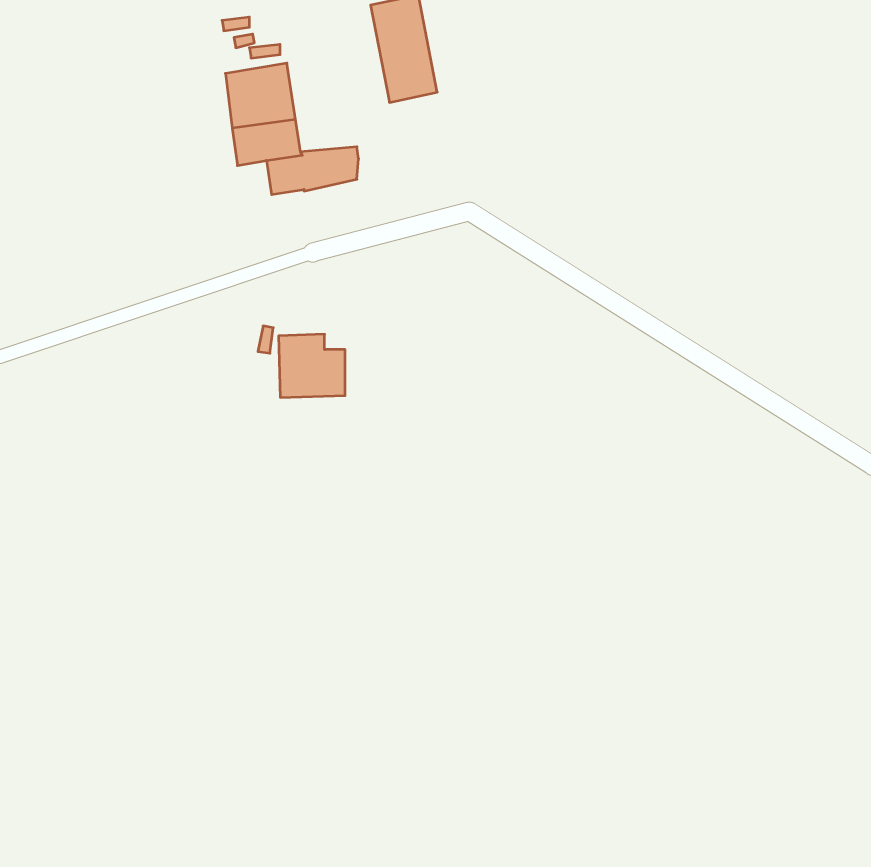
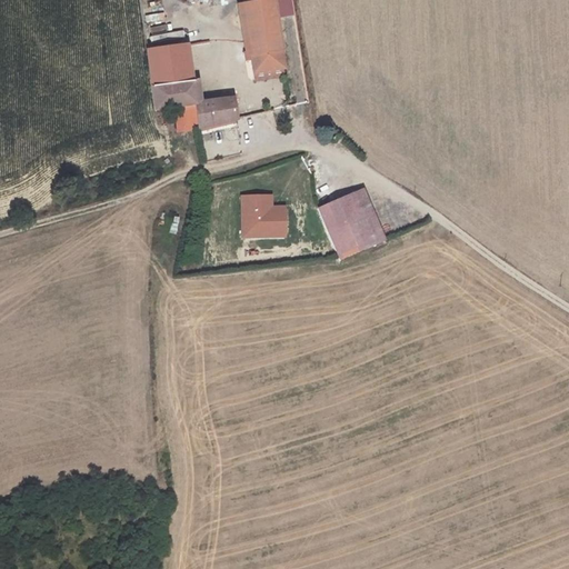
building: none -> [321,194,381,257]
building: [279,334,345,397] -> [242,193,286,234]

